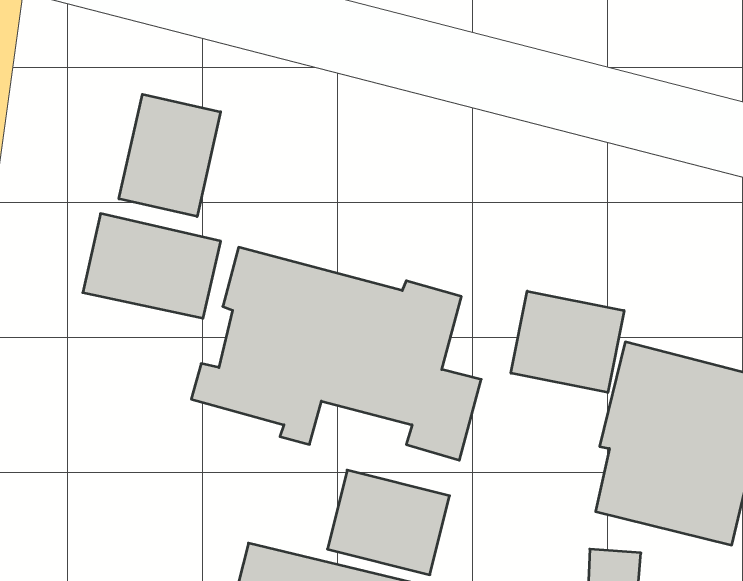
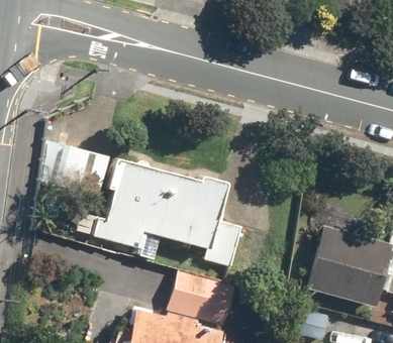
building: [119,94,221,217] -> none
building: [511,291,624,393] -> none

